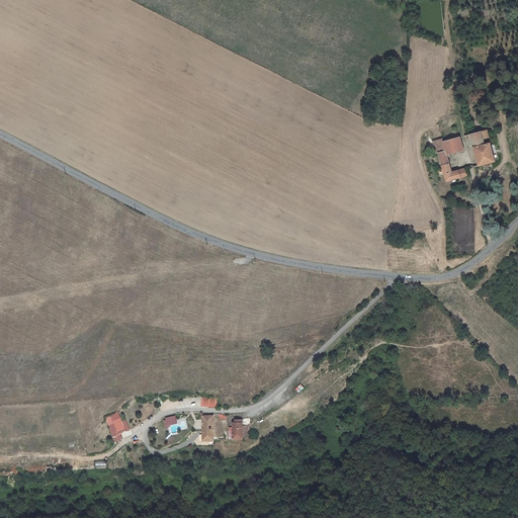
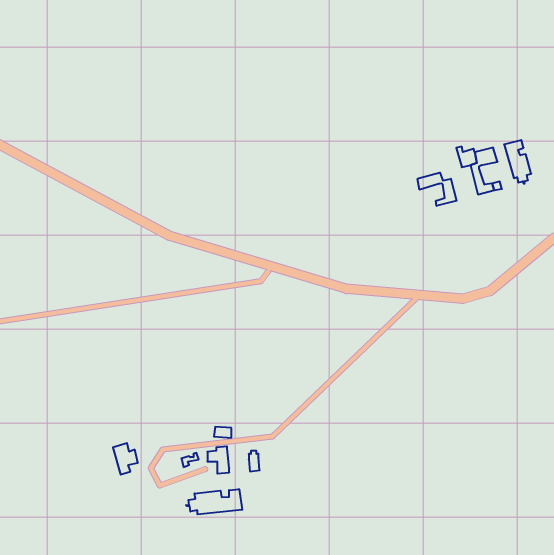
building: none -> [418,173,457,206]
building: none -> [186,489,242,514]

